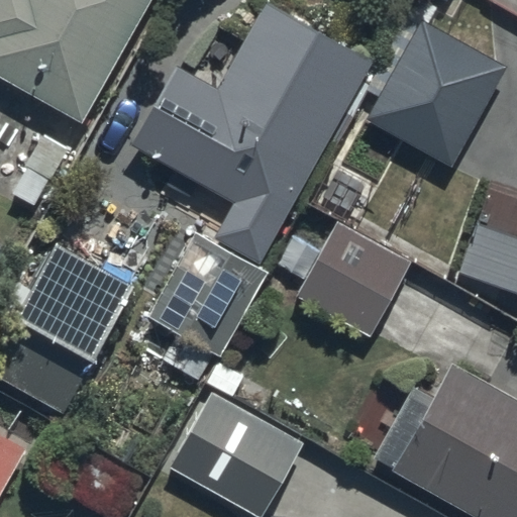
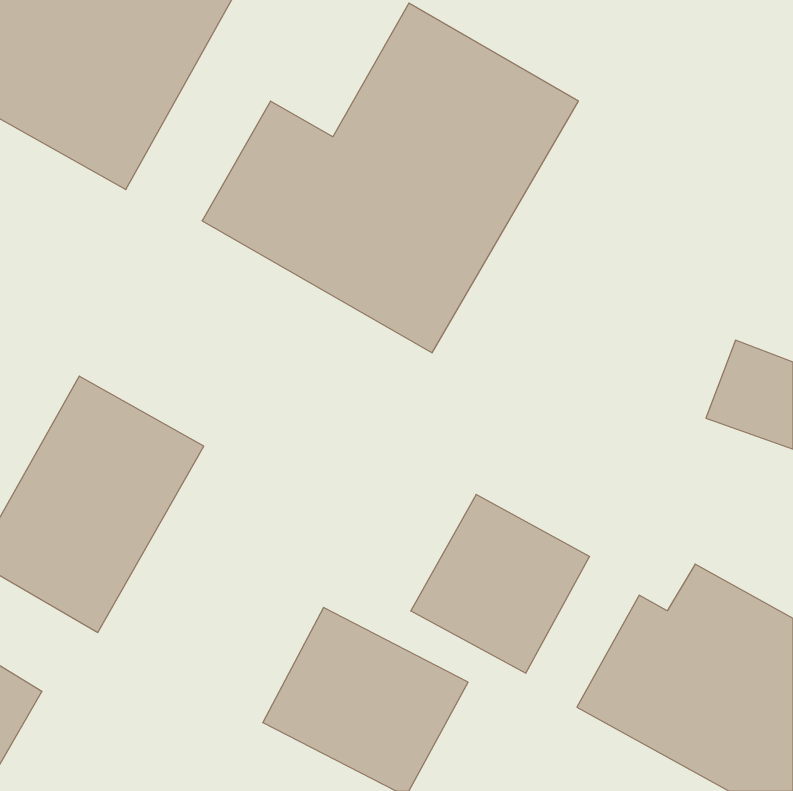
building: [367,20,507,169] -> none
building: [294,221,410,337] -> [411,494,590,673]
building: [145,233,262,380] -> none

